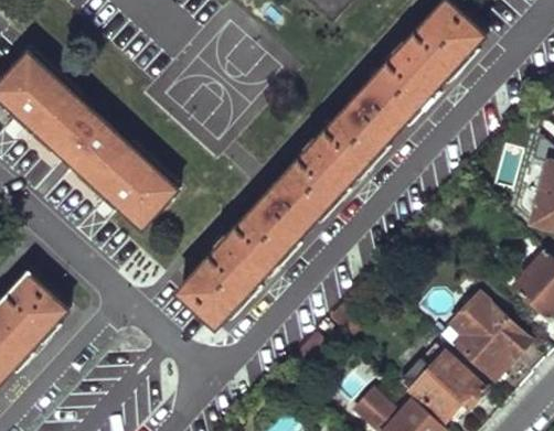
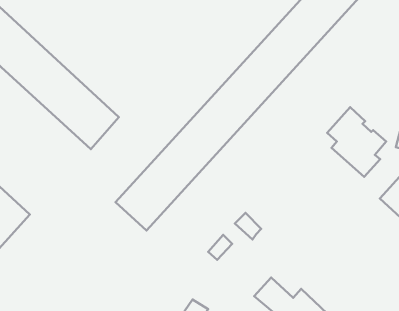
building: [445,294,519,381] -> [327,107,386,177]
building: [397,346,481,422] -> none

